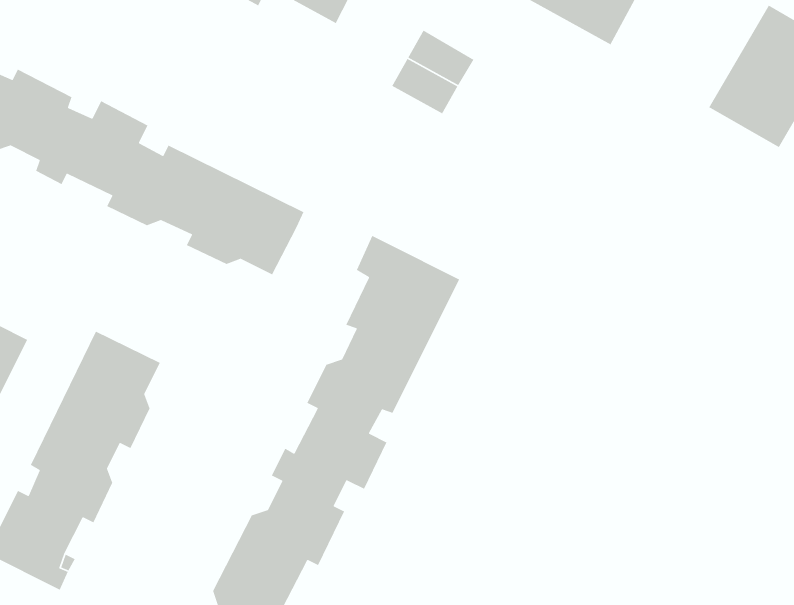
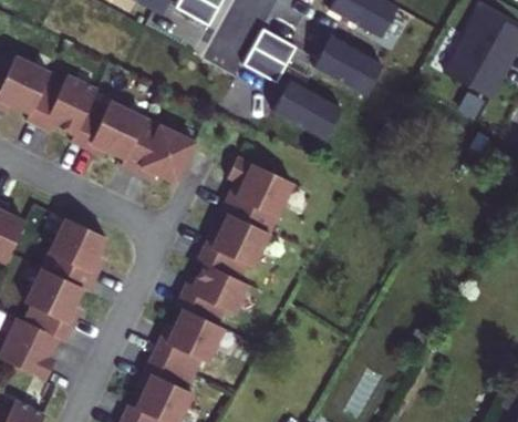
building: none -> [309,29,377,89]
building: none -> [280,81,349,140]

